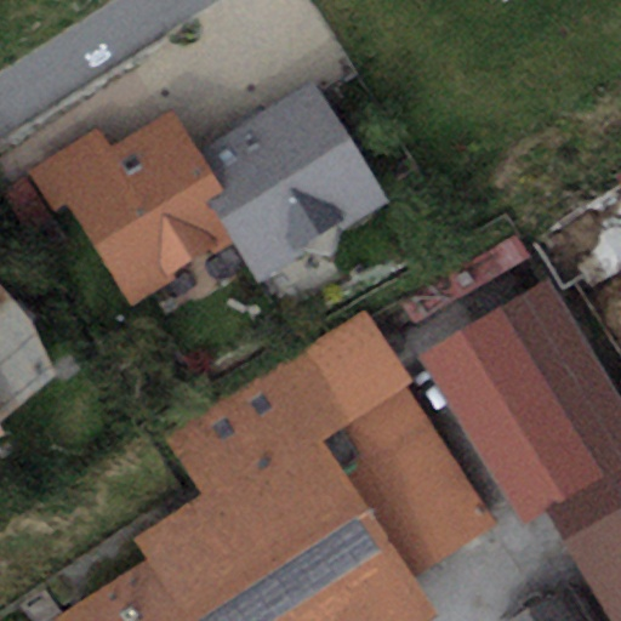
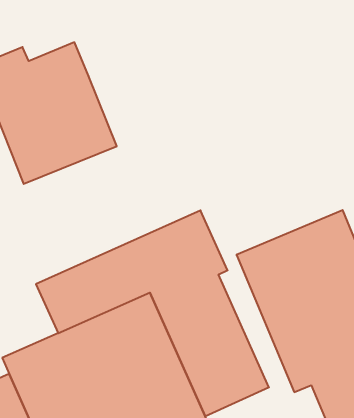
building: [192,82,387,275] -> none

